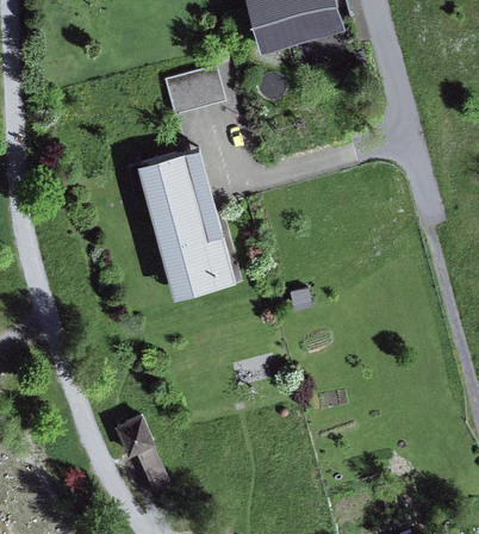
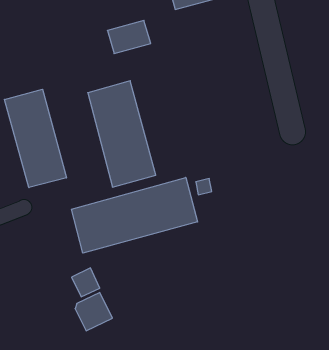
building: none -> [4,89,66,188]
building: none -> [72,177,198,253]

